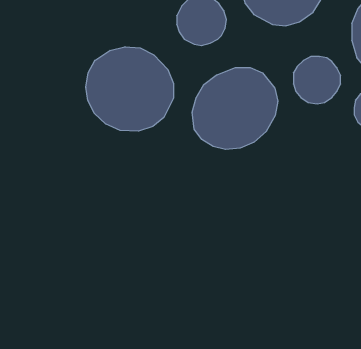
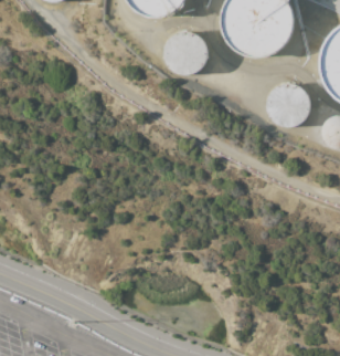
building: [86,47,174,131] -> none
building: [192,68,278,149] -> none

